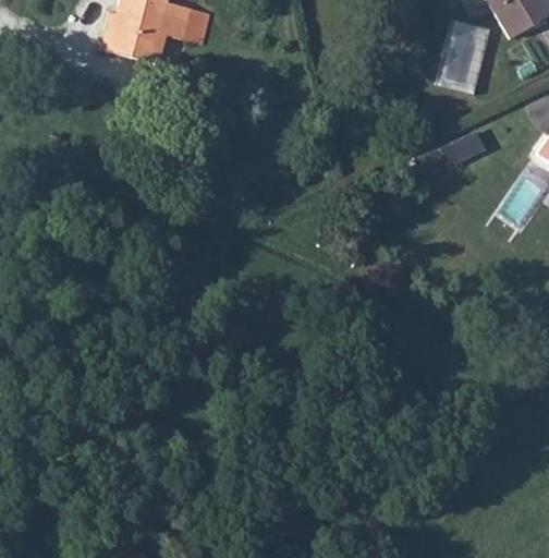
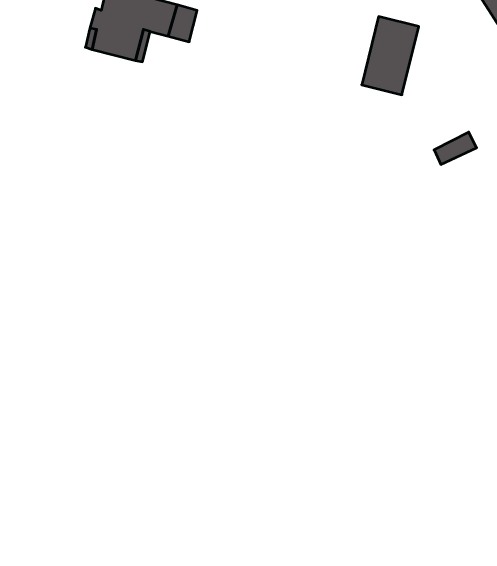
building: [436,17,491,94] -> [362,17,419,95]

